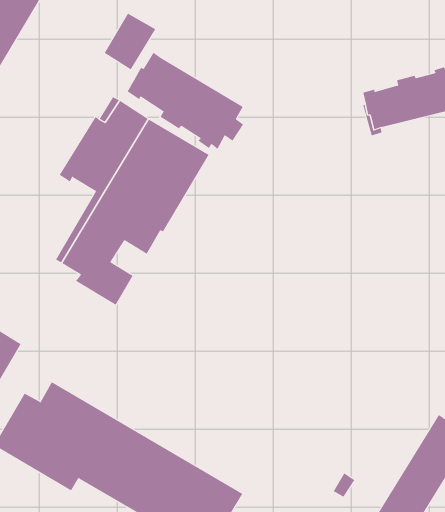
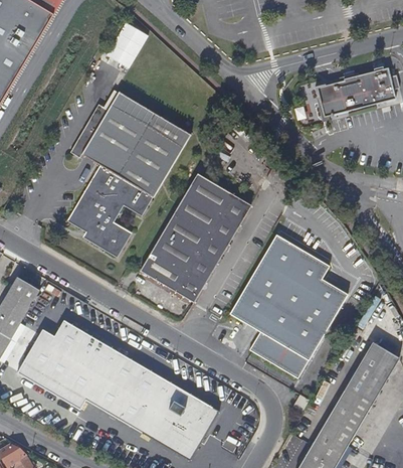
building: [127,52,244,150] -> none
building: none -> [138,173,249,303]
building: none -> [229,236,347,378]

